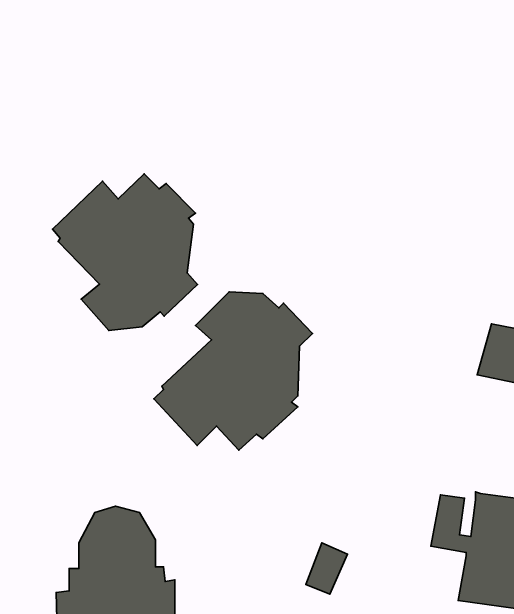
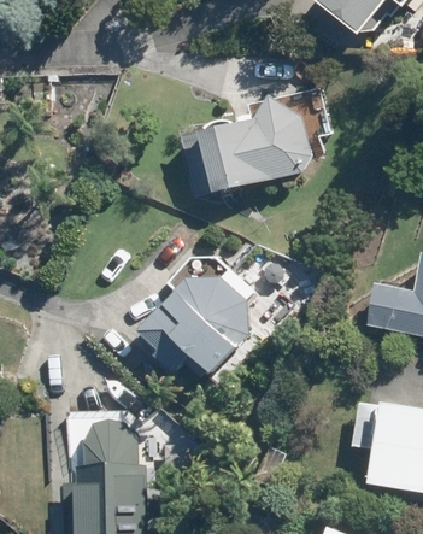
building: none -> [184,96,312,193]
building: [52,174,198,330] -> none

